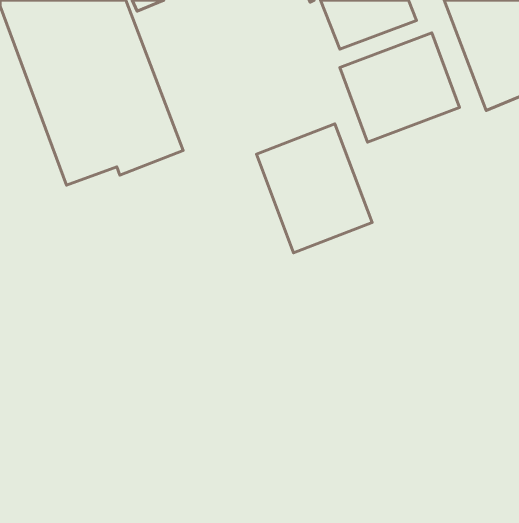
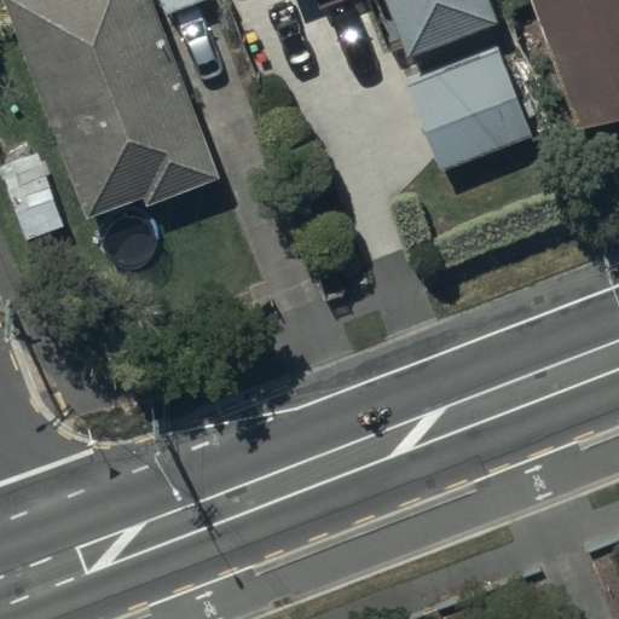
building: [256,124,372,253] -> none

